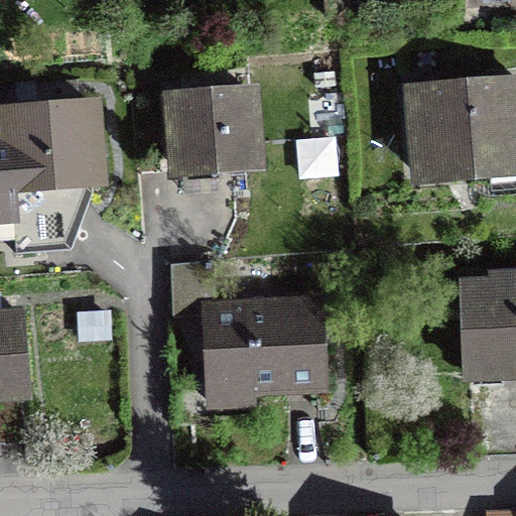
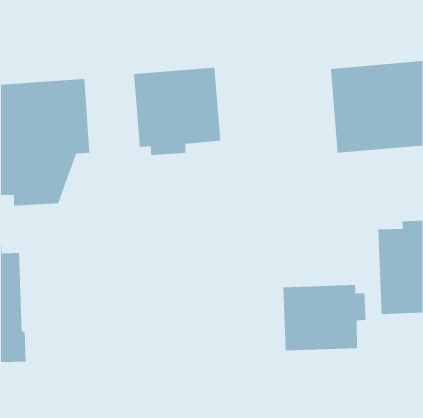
building: [170,258,330,409] -> none
building: none -> [283,284,366,351]

